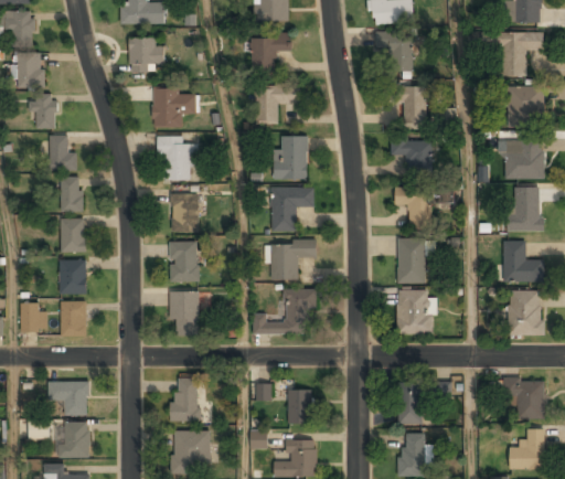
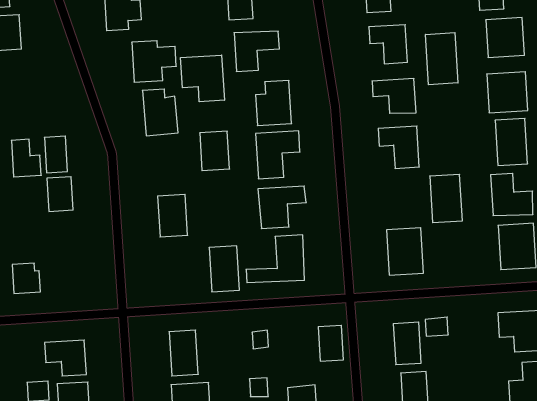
building: [34,94,56,128] -> none
building: none -> [426,33,458,85]
building: none -> [181,55,224,102]
building: [50,135,77,171] -> [11,139,41,177]
building: [172,194,200,232] -> [200,131,230,171]
building: [397,237,427,284] -> [430,174,462,223]
building: [61,258,86,292] -> none
building: [172,291,200,336] -> [209,246,239,292]
building: [62,300,86,334] -> none
building: [288,390,311,424] -> [318,325,343,361]

